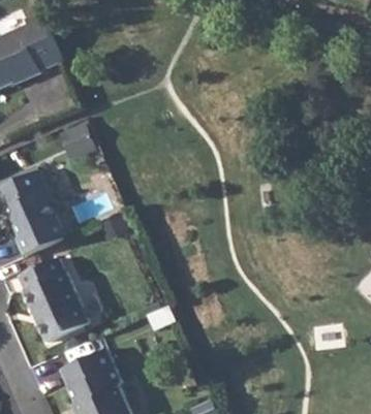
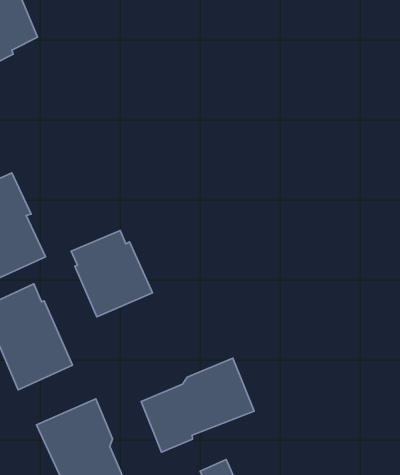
building: none -> [71,230,152,317]
building: none -> [141,358,254,452]

